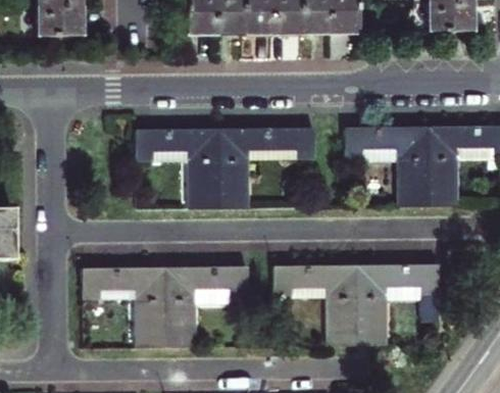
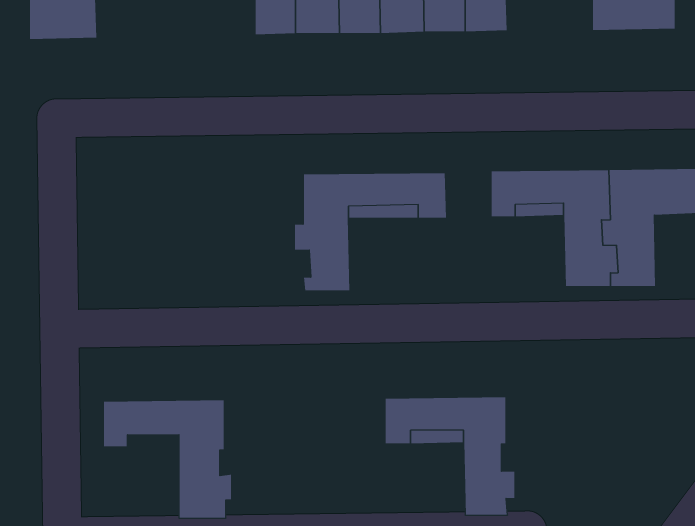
building: [136,127,224,205] -> none
building: [353,276,439,356] -> none
building: [163,278,249,358] -> none

